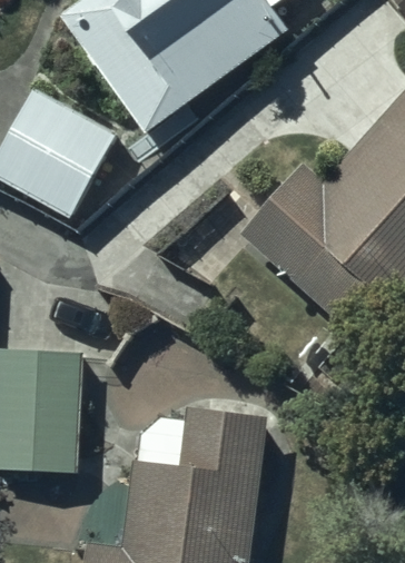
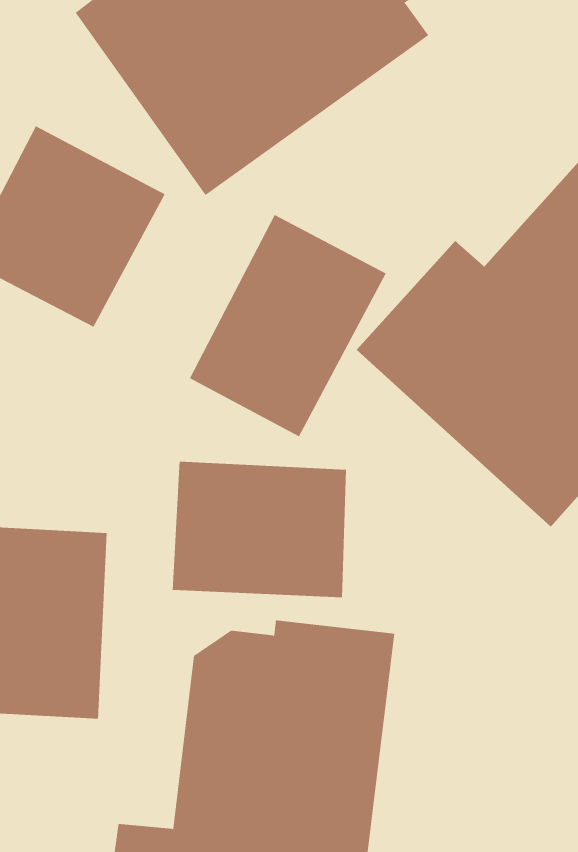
building: none -> [189,214,387,437]
building: none -> [172,461,347,598]

